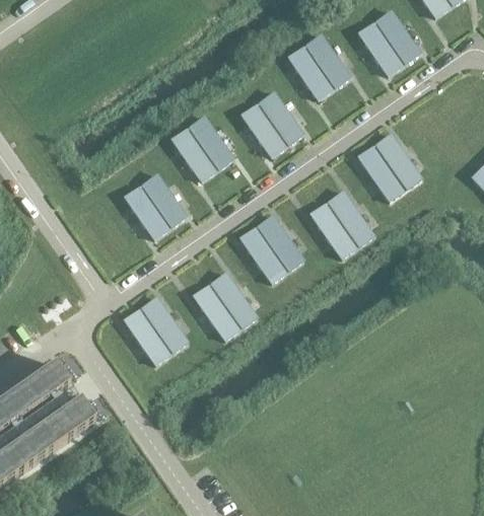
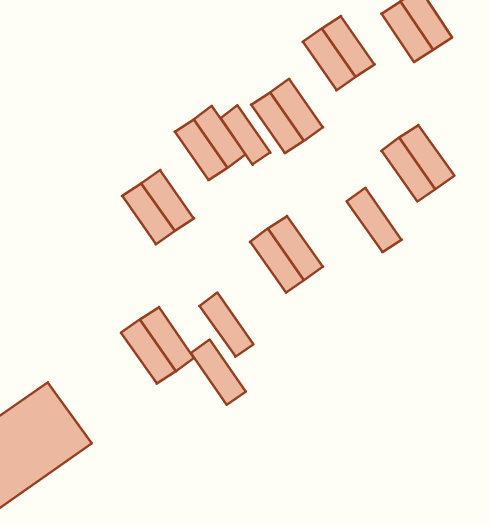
building: none -> [221,105,270,165]
building: [309,202,358,260] -> none
building: [209,272,259,330] -> [191,340,246,405]

